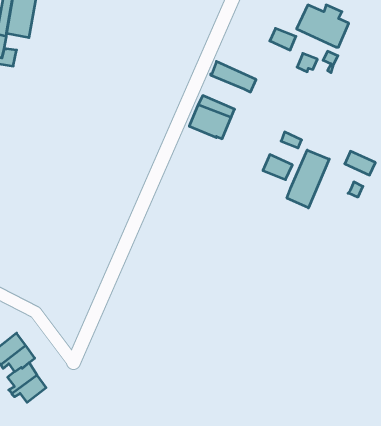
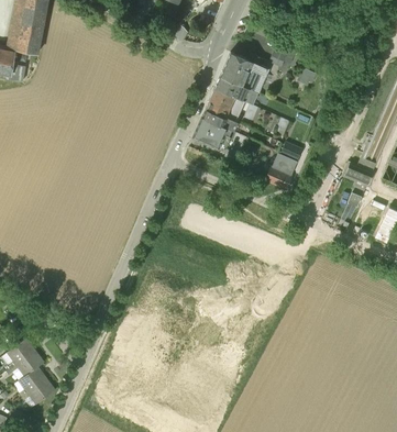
building: [297,5,349,47] -> [219,52,269,92]
building: none -> [206,88,245,121]
building: [287,150,329,208] -> none

